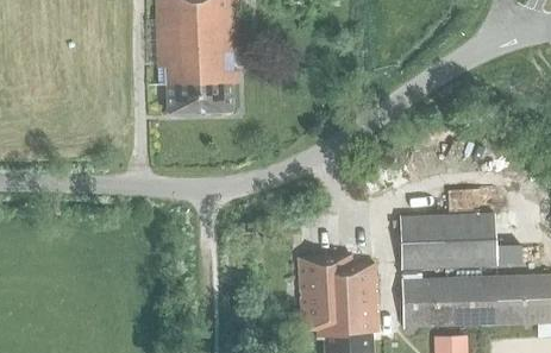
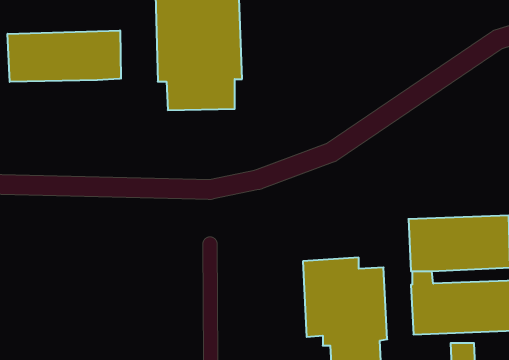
building: none -> [8,30,121,82]

